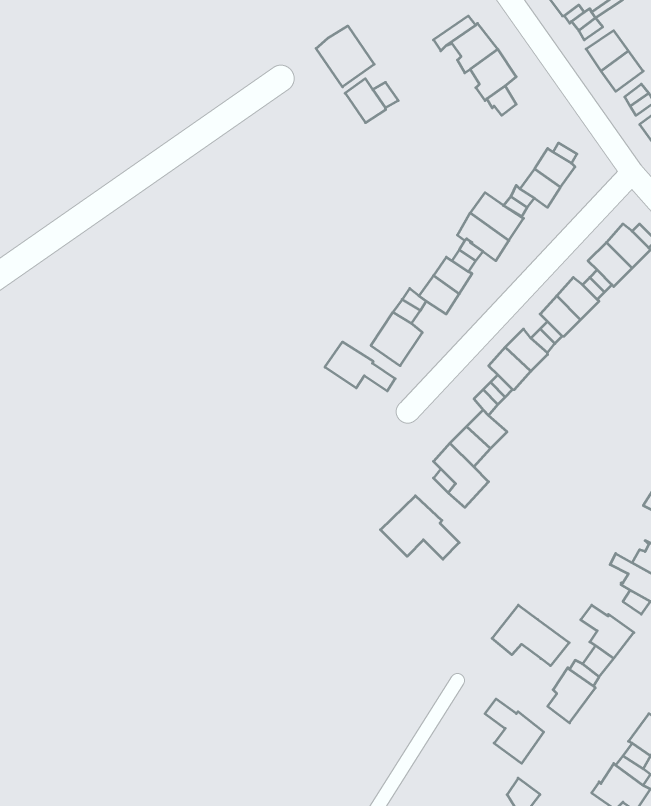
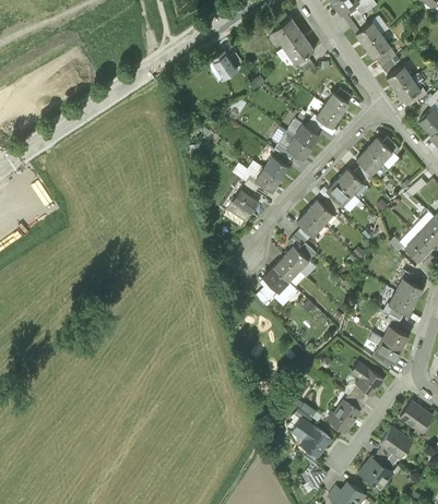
building: [316,26,374,87] -> none
building: [325,342,395,391] -> none
building: [380,496,459,559] -> none
building: [492,605,569,666] -> none

